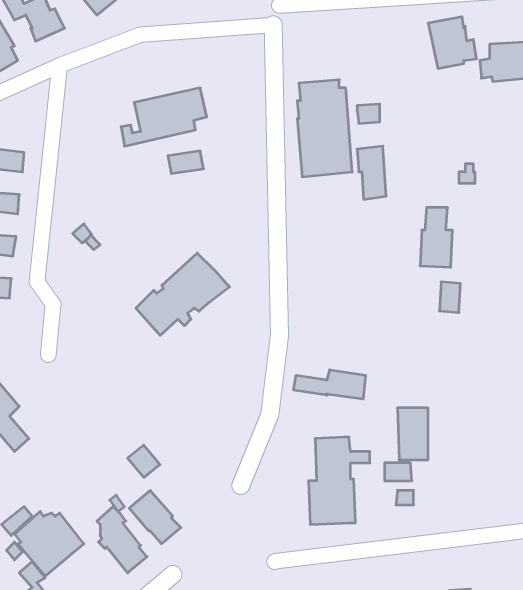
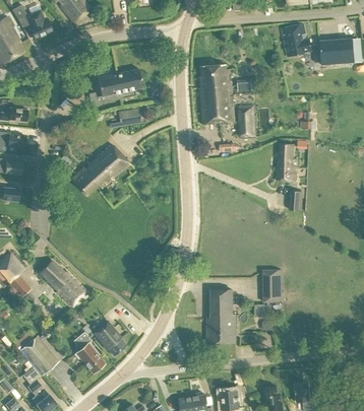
building: [136,253,230,335] -> [70,142,129,194]
building: [294,370,365,399] -> none
building: none -> [39,260,86,305]

